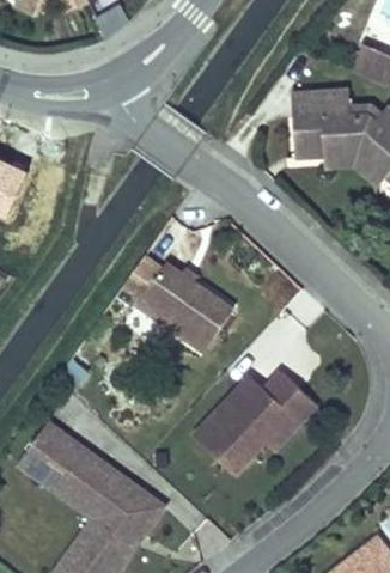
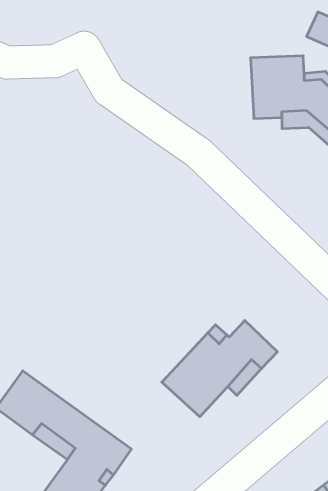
building: [123,254,233,350] -> none

